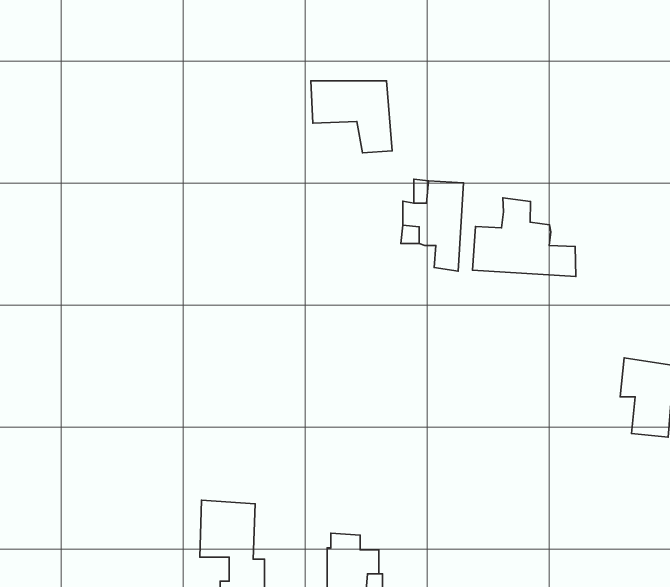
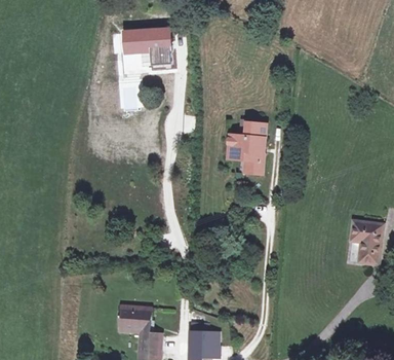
building: [311,81,392,153] -> [129,29,174,69]
building: [472,198,576,277] -> none

